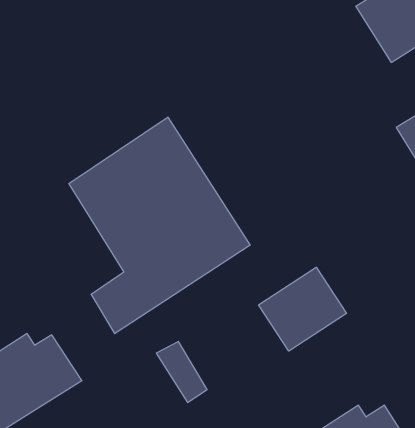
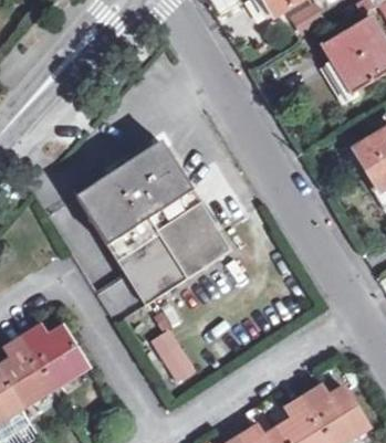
building: [259,267,347,351] -> none

